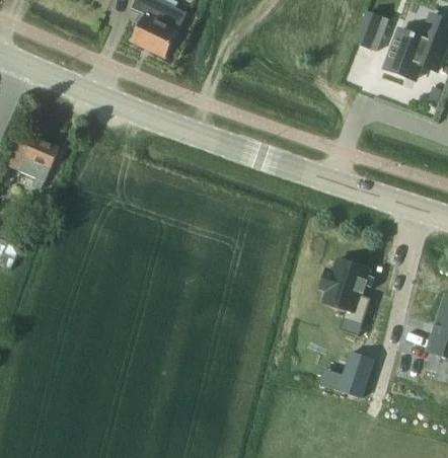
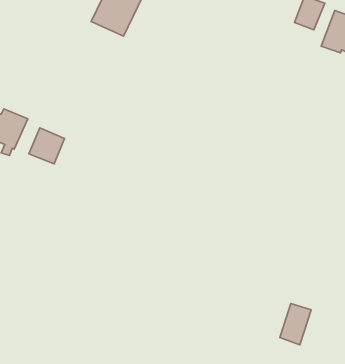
building: none -> [29,128,65,164]
building: [319,258,370,324] -> none

